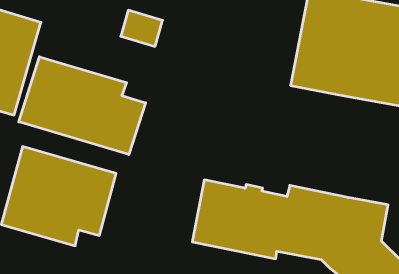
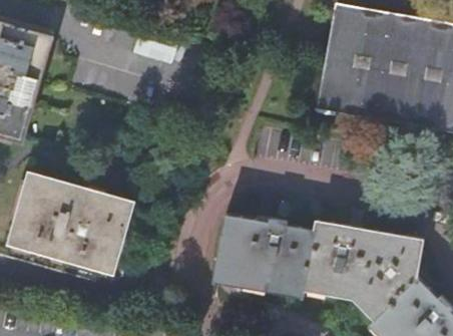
building: [19,57,146,155] -> none

